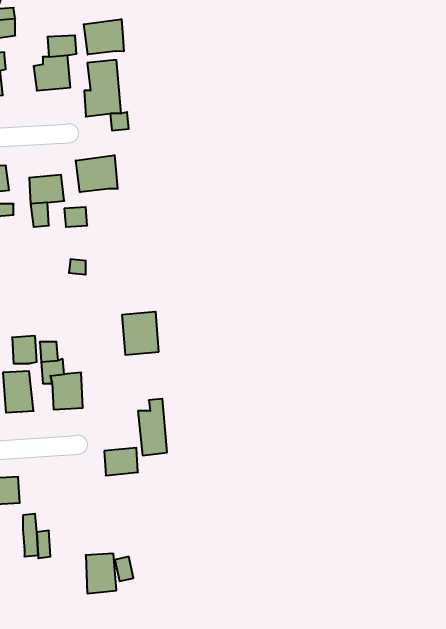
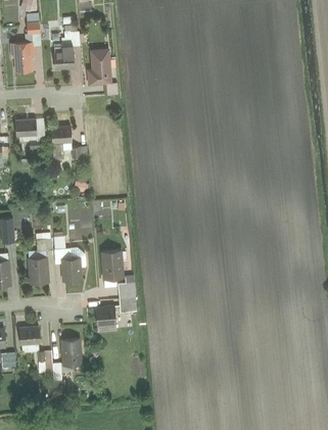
building: [84,19,124,55] -> none
building: [76,155,117,192] -> none
building: [122,312,159,355] -> [100,251,125,280]
building: [86,554,116,593] -> [62,339,83,366]

